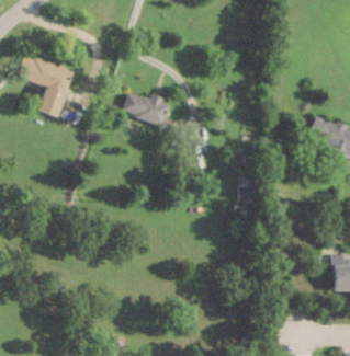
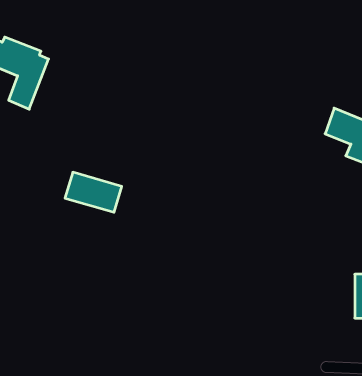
building: [123,91,171,125] -> [65,172,122,212]

